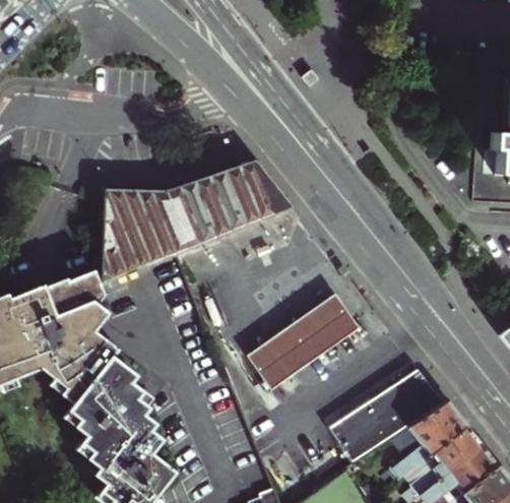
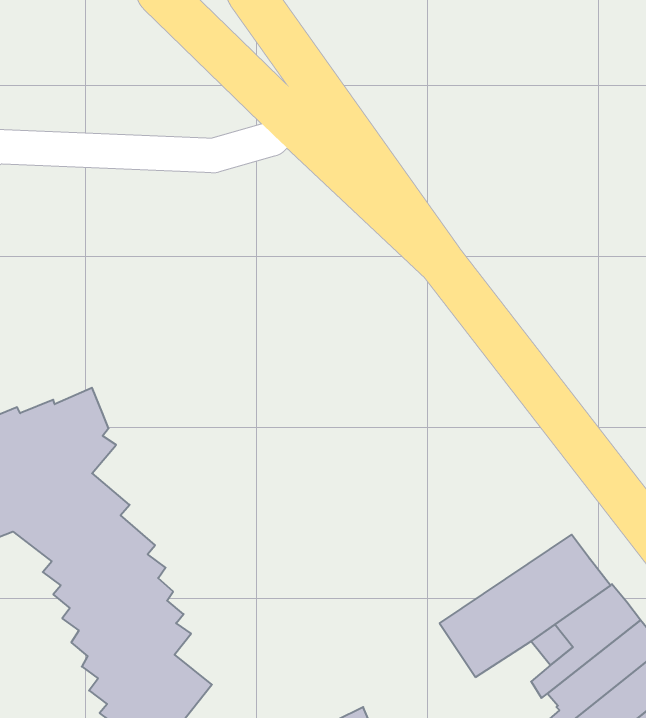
building: [101,161,292,287] -> none
building: [244,294,357,389] -> none

